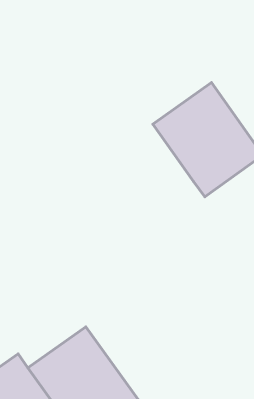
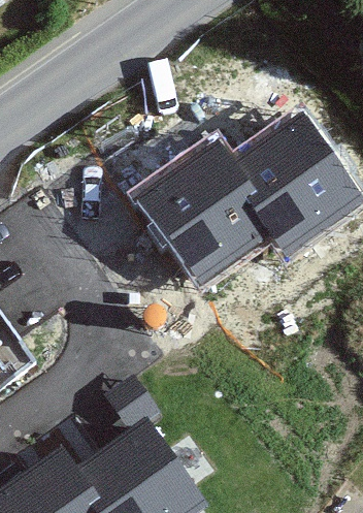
building: none -> [136,142,282,290]

